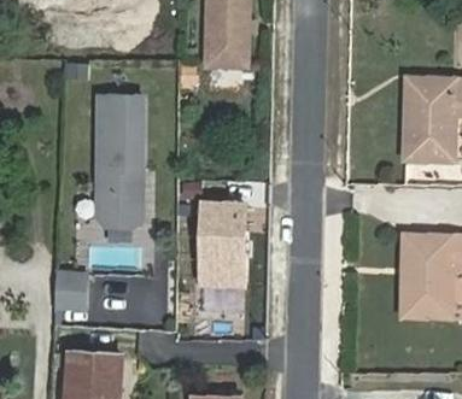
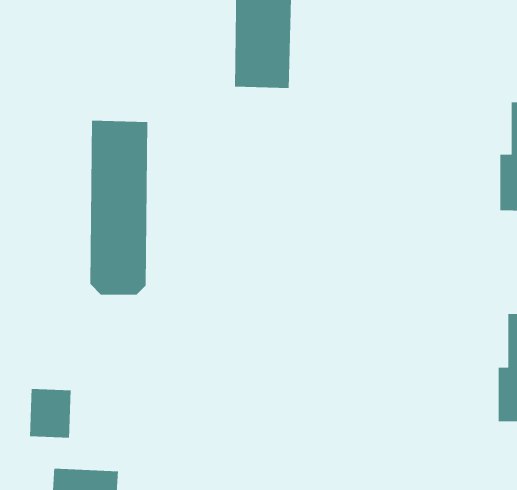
building: [198,203,246,284] -> none

